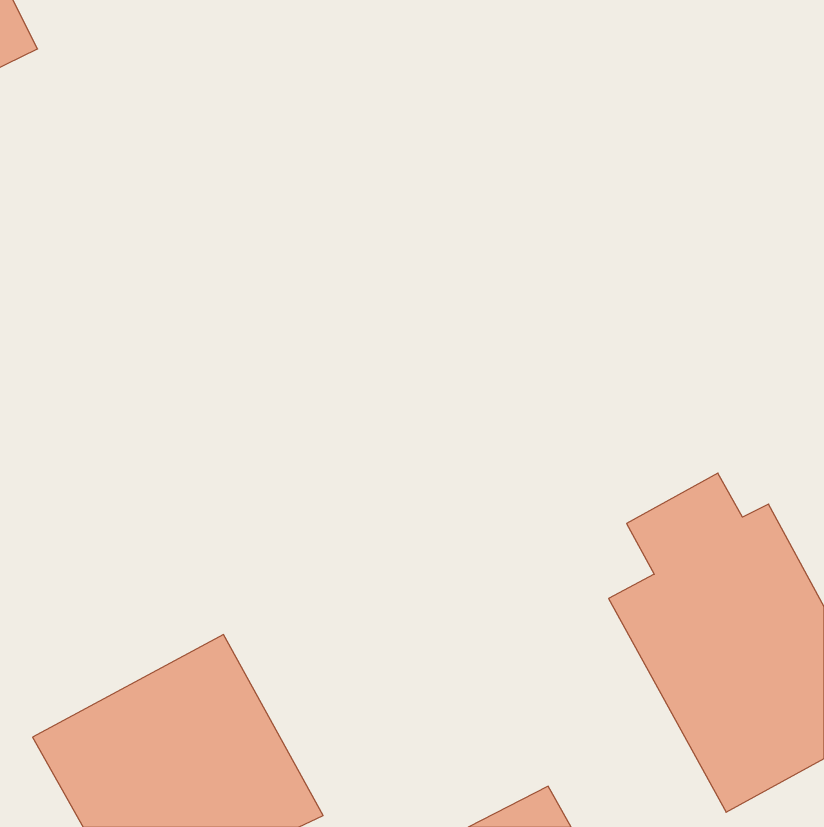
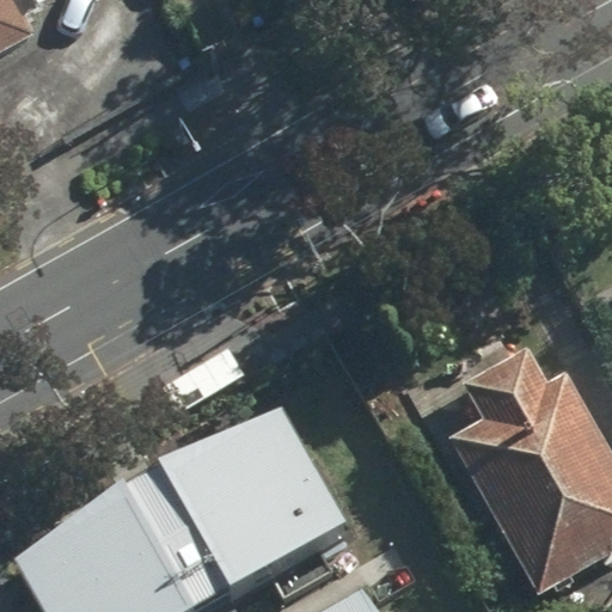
building: none -> [164,388,377,598]

